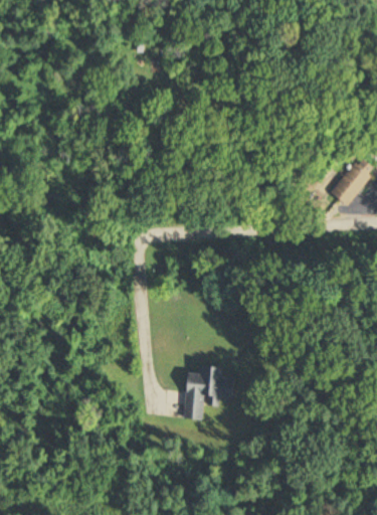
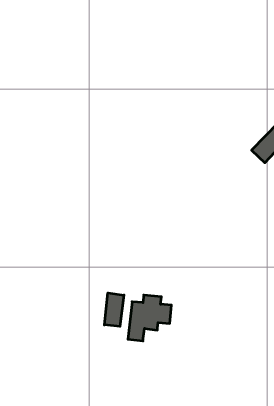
building: none -> [104,293,124,326]

